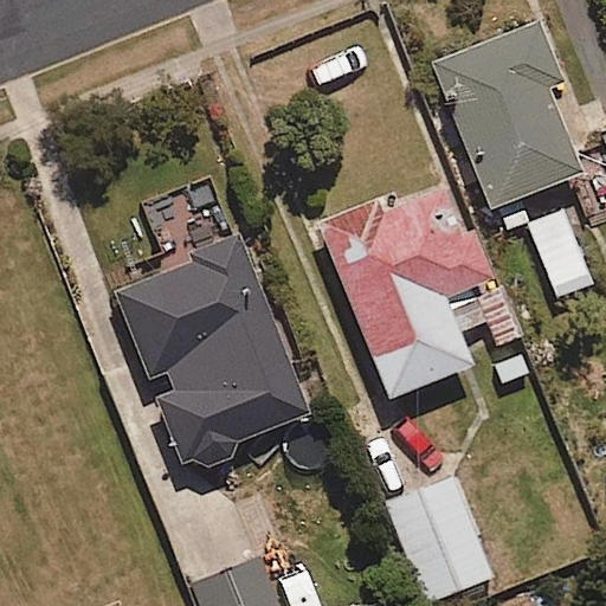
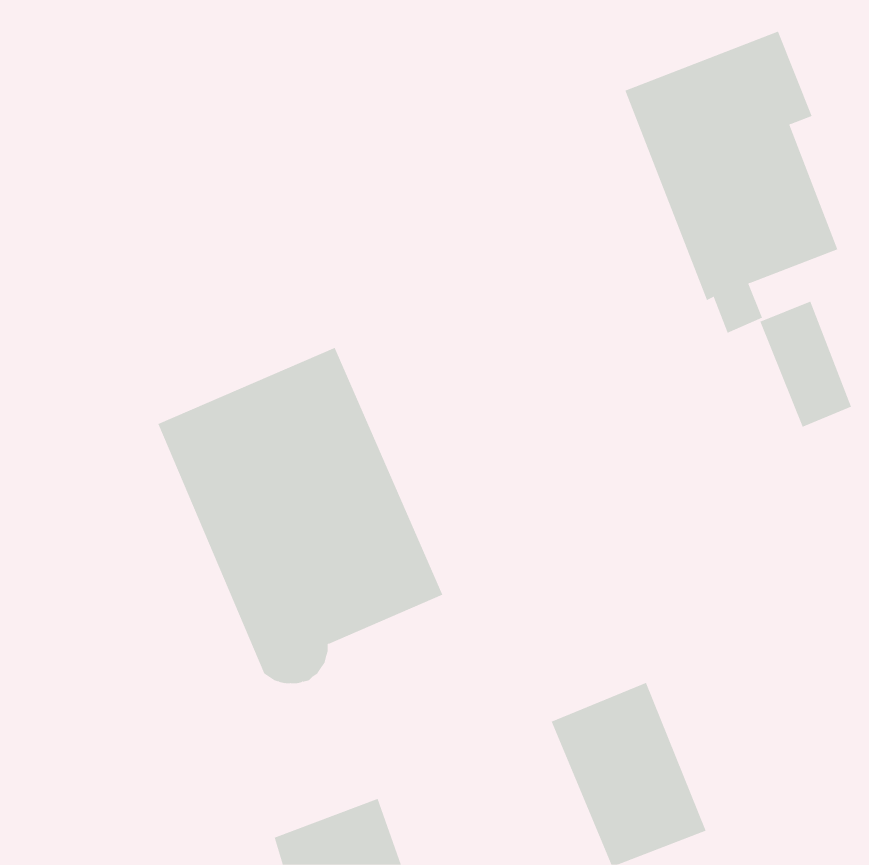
building: [311,185,518,401] -> none

